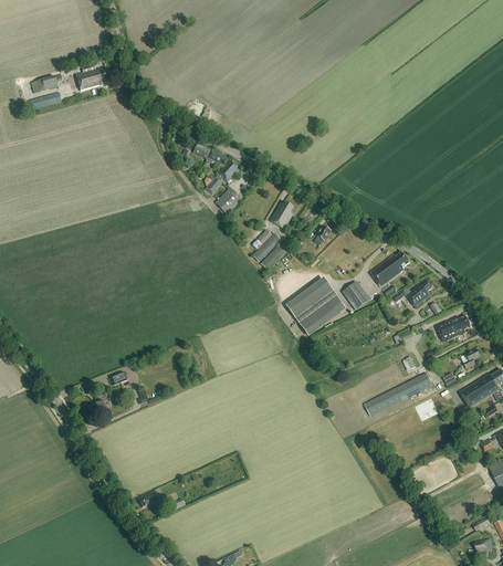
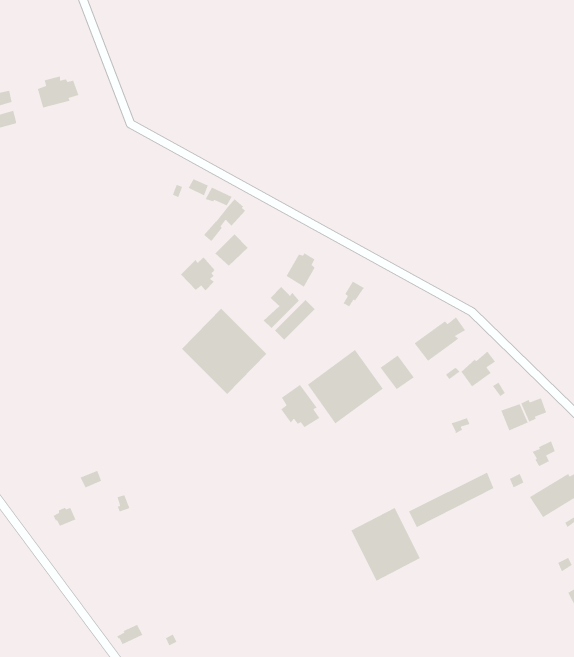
building: none -> [180,256,215,291]
building: none -> [181,308,267,395]
building: none -> [280,384,320,428]
building: none -> [350,507,421,582]

